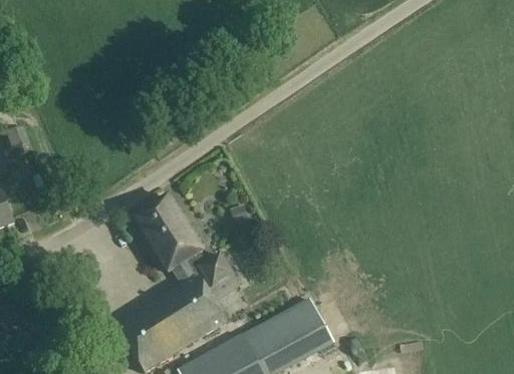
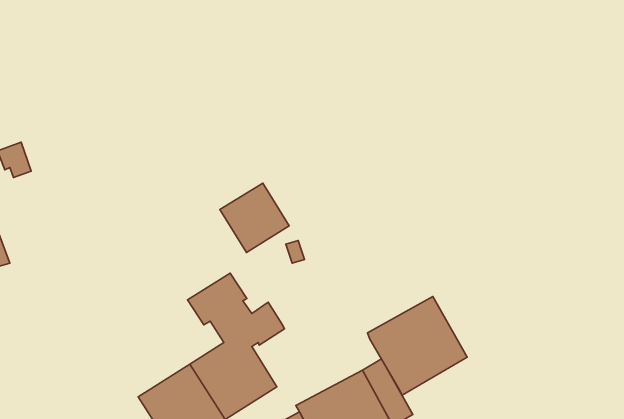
building: [136,195,191,250] -> [220,183,289,252]
building: none -> [367,297,467,395]

